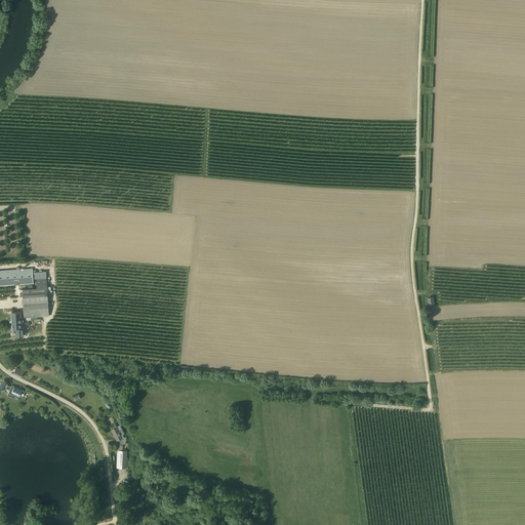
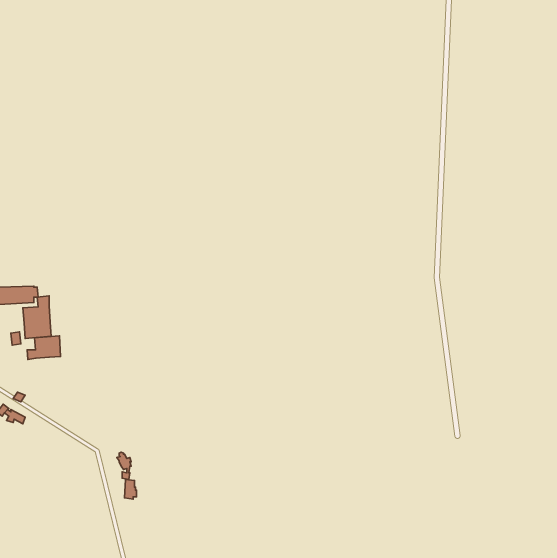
building: none -> [27,336,61,359]

